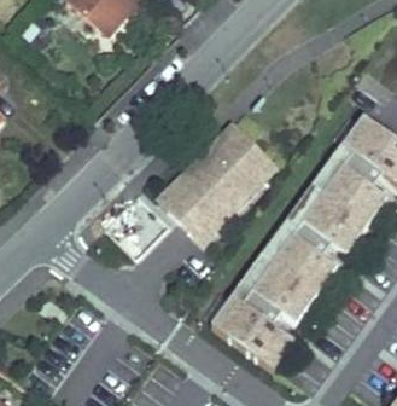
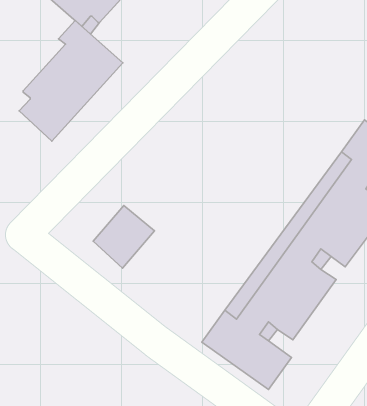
building: none -> [19,20,123,141]
building: [159,126,275,243] -> none

